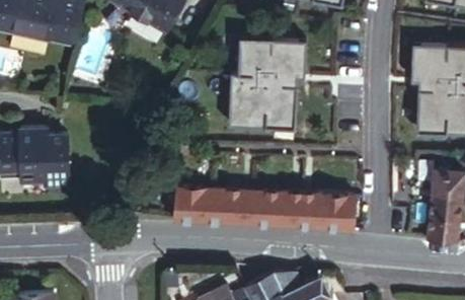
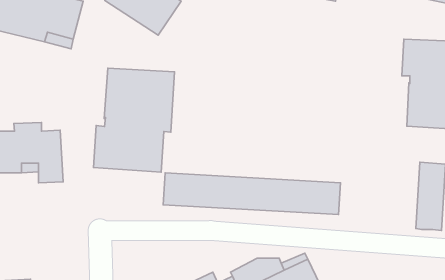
building: [231,40,311,132] -> none
building: none -> [94,68,174,172]

